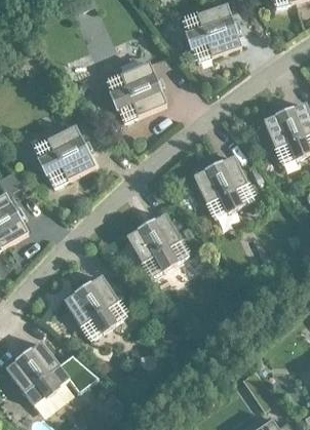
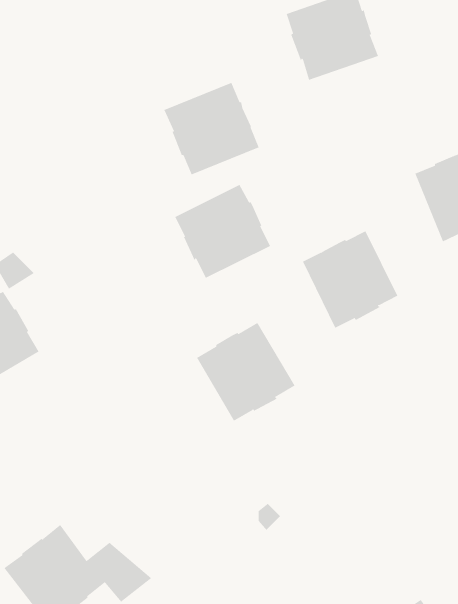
building: [34,126,94,186] -> [175,184,271,279]
building: [64,275,126,339] -> none

